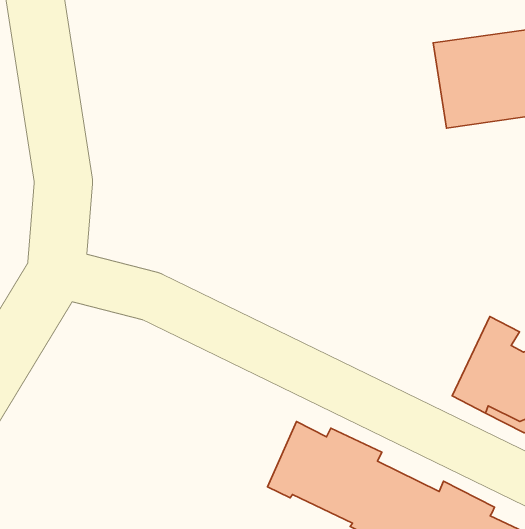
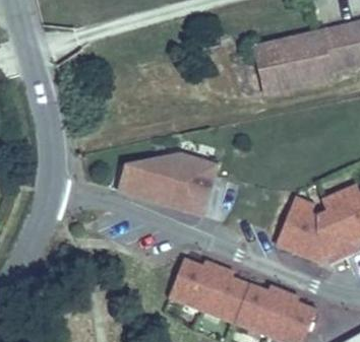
building: none -> [115,144,218,217]

